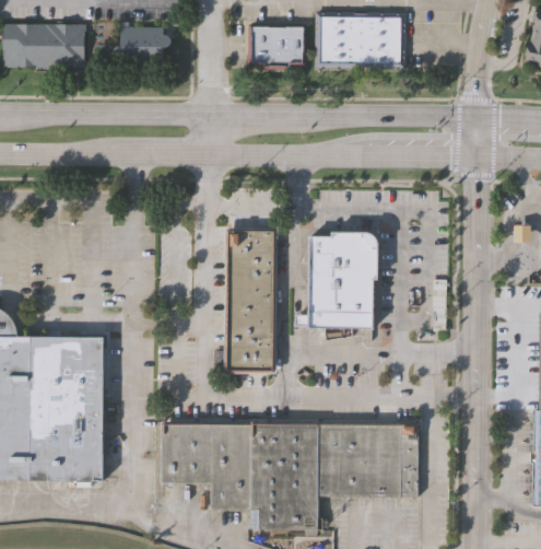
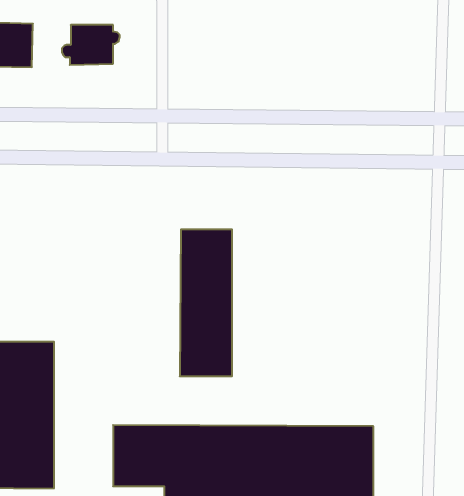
building: [317,11,409,69] -> none
building: [250,23,308,69] -> none
building: [306,233,378,330] -> none

